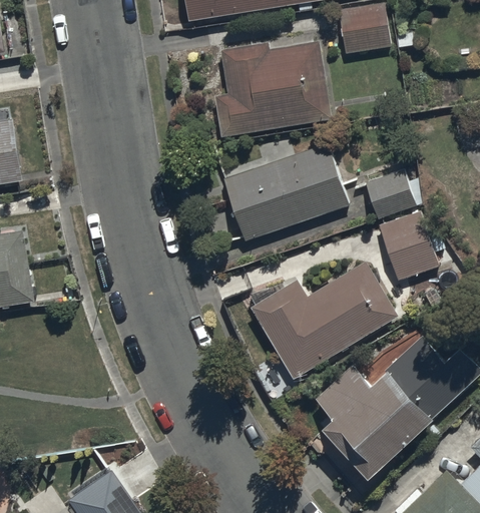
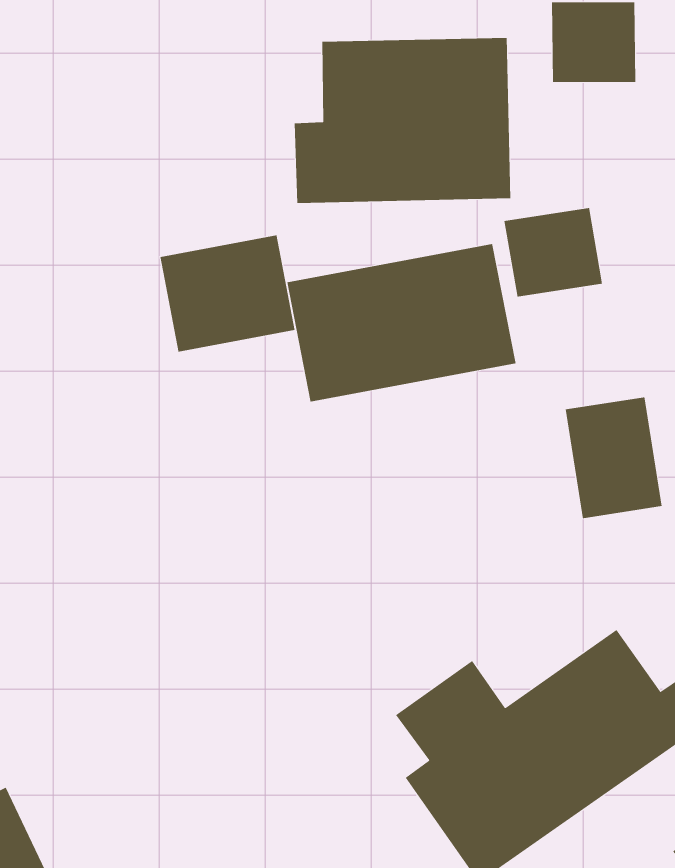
building: none -> [160,234,295,353]
building: [360,166,417,219] -> [504,207,603,297]
building: [247,262,397,381] -> none

